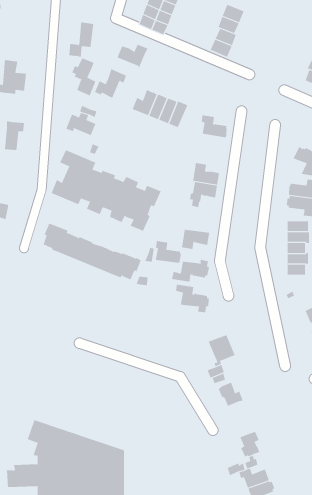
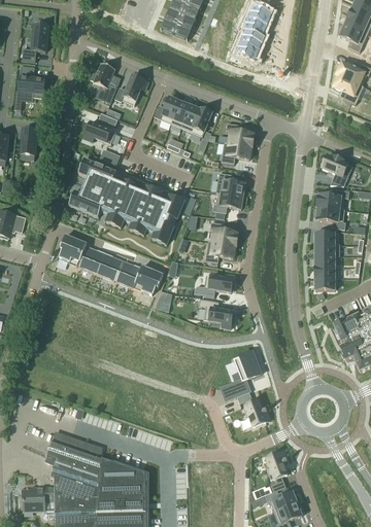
building: [69,22,94,57] -> [22,24,48,61]
building: [117,44,148,69] -> none
building: none -> [221,140,251,163]
building: [155,241,182,264] -> [210,220,238,245]

